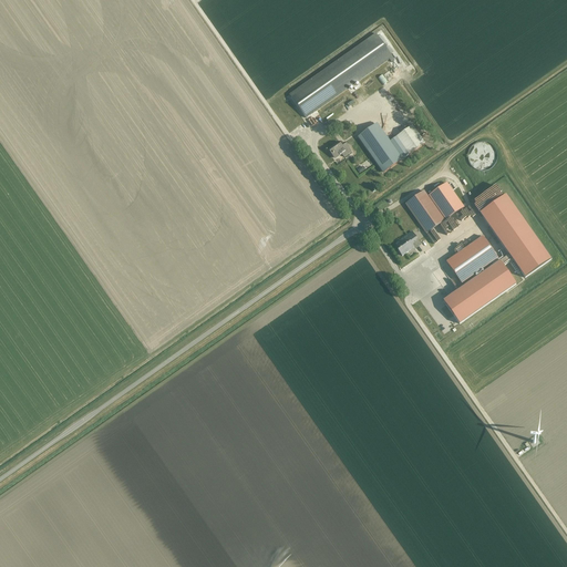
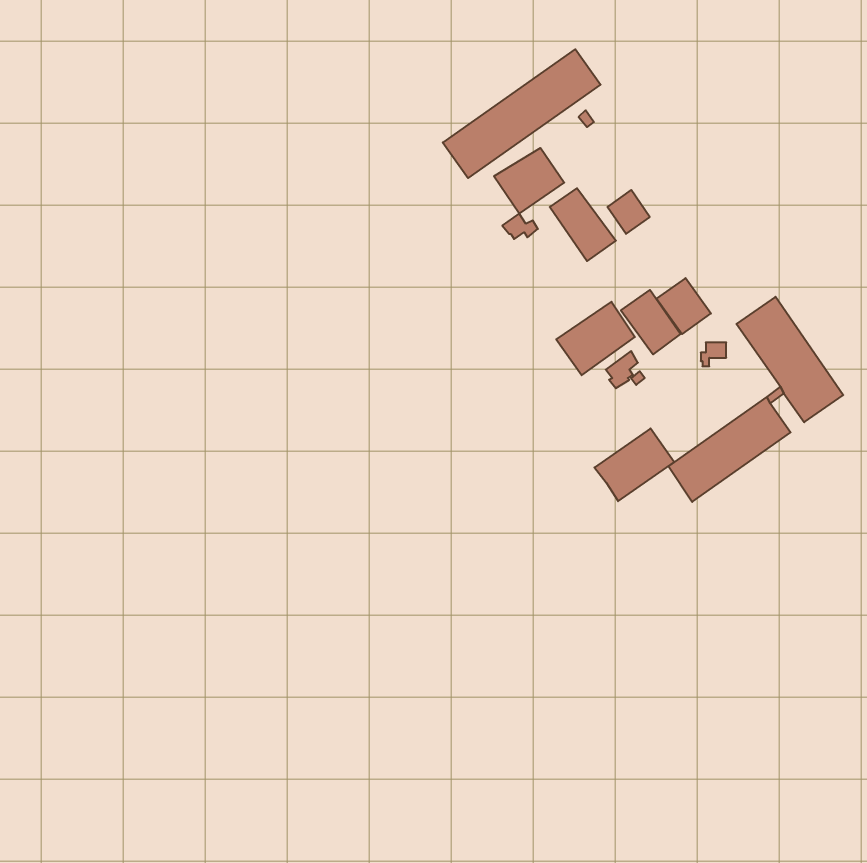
building: none -> [494,148,564,214]
building: none -> [556,302,635,375]
building: [446,235,498,282] -> [594,428,674,501]

